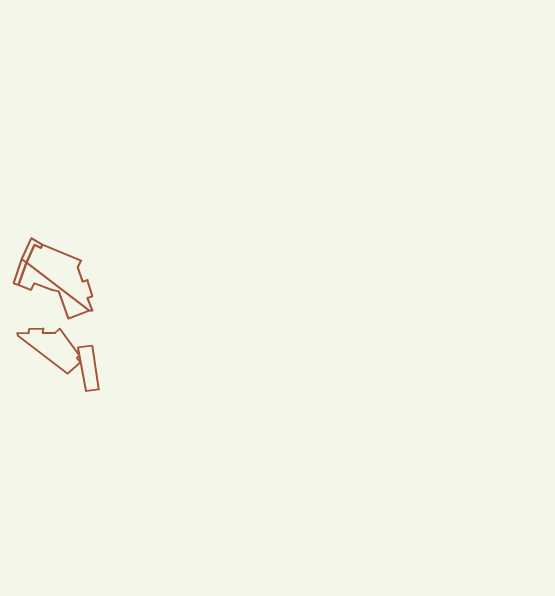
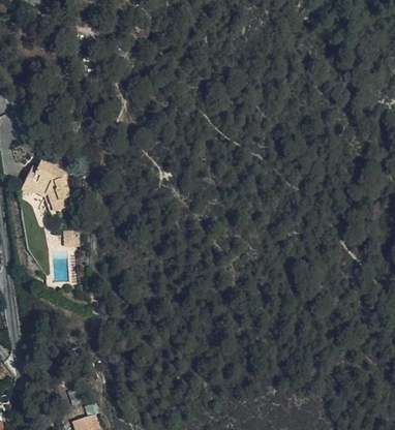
building: [17,328,81,374] -> none

